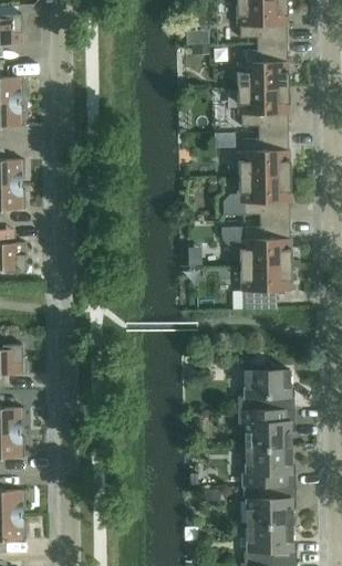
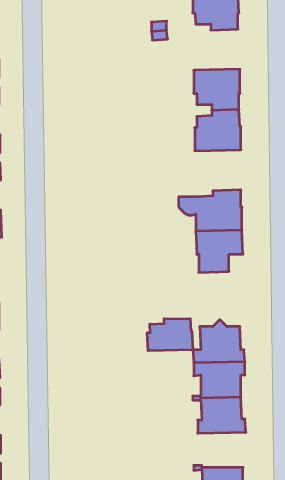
building: [238,43,289,88] -> none
building: [224,176,291,221] -> none
building: none -> [147,319,193,351]
building: [242,486,296,525] -> none

